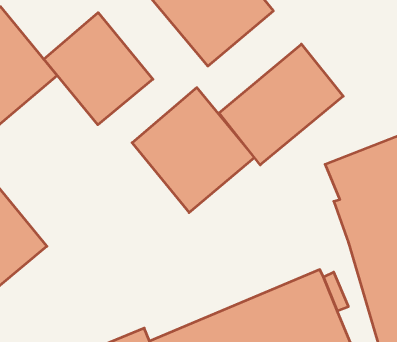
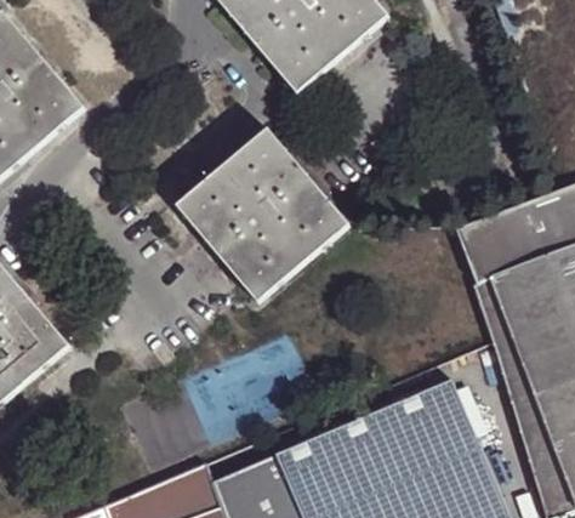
building: [44,13,153,125] -> none
building: [219,44,343,165] -> none

